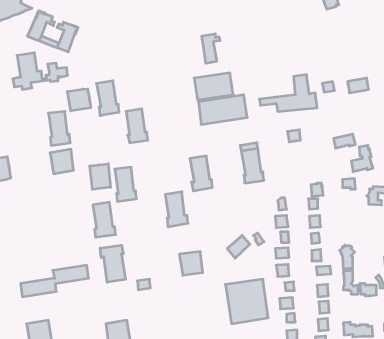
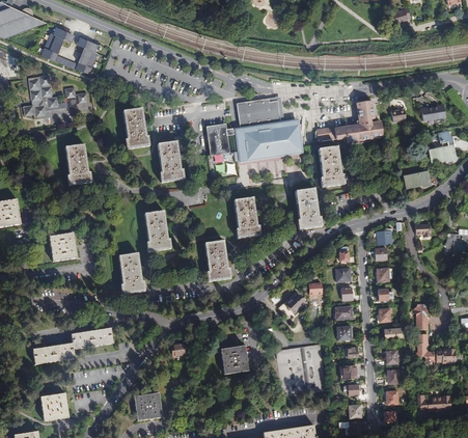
building: [202,34,220,63] -> none
building: [67,89,91,111] -> none
building: none -> [205,124,233,156]
building: none -> [318,145,346,188]
building: [351,145,373,172] -> [430,131,456,162]
building: [50,149,74,174] -> [49,232,77,262]
building: [90,164,111,189] -> none
building: [100,245,126,282] -> none
building: [179,252,203,275] -> [220,346,248,374]

